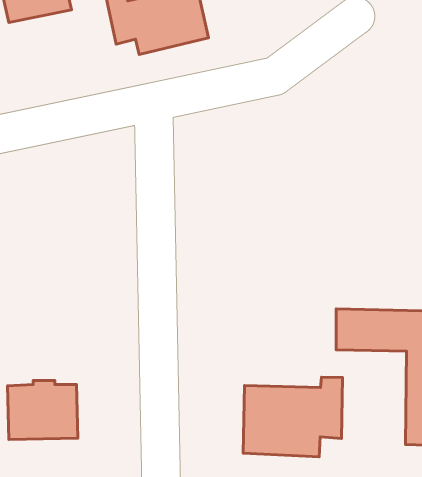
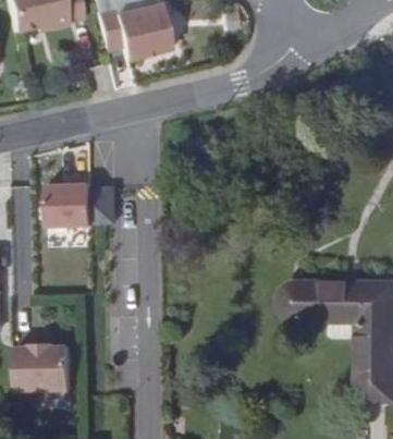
building: none -> [48,180,94,230]
building: [243,377,343,457] -> none

